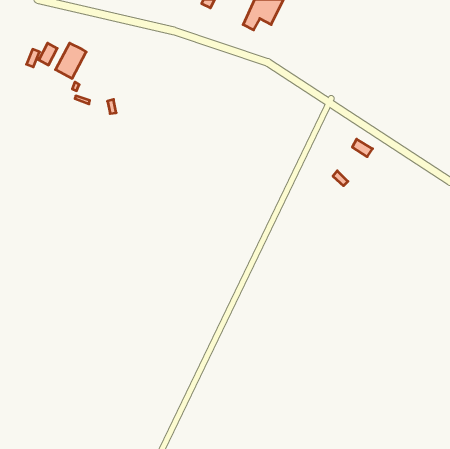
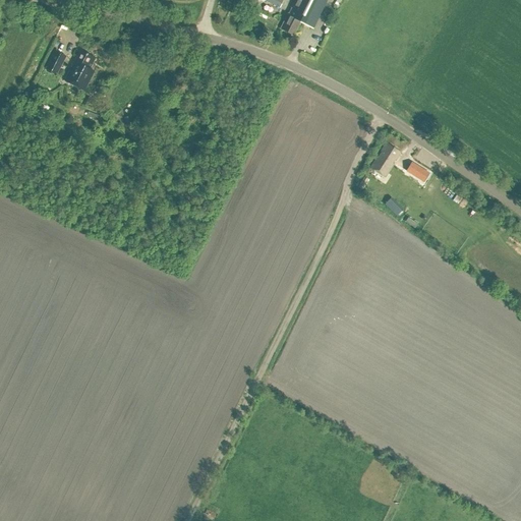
building: none -> [370,141,401,176]

